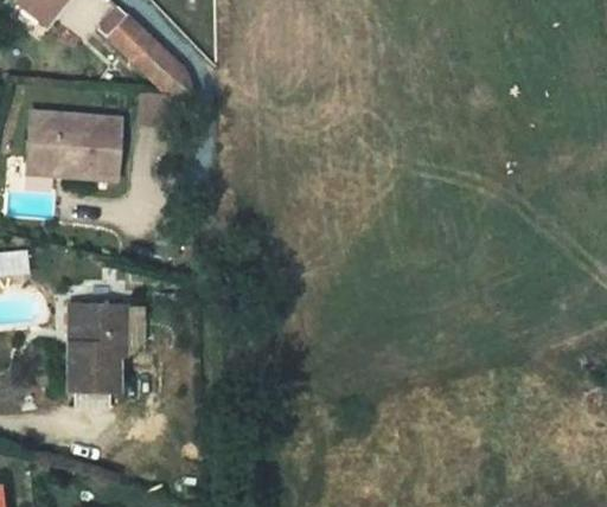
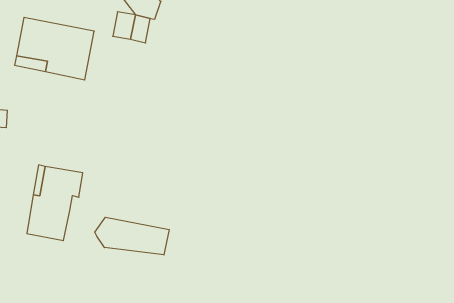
building: none -> [95,217,169,255]

